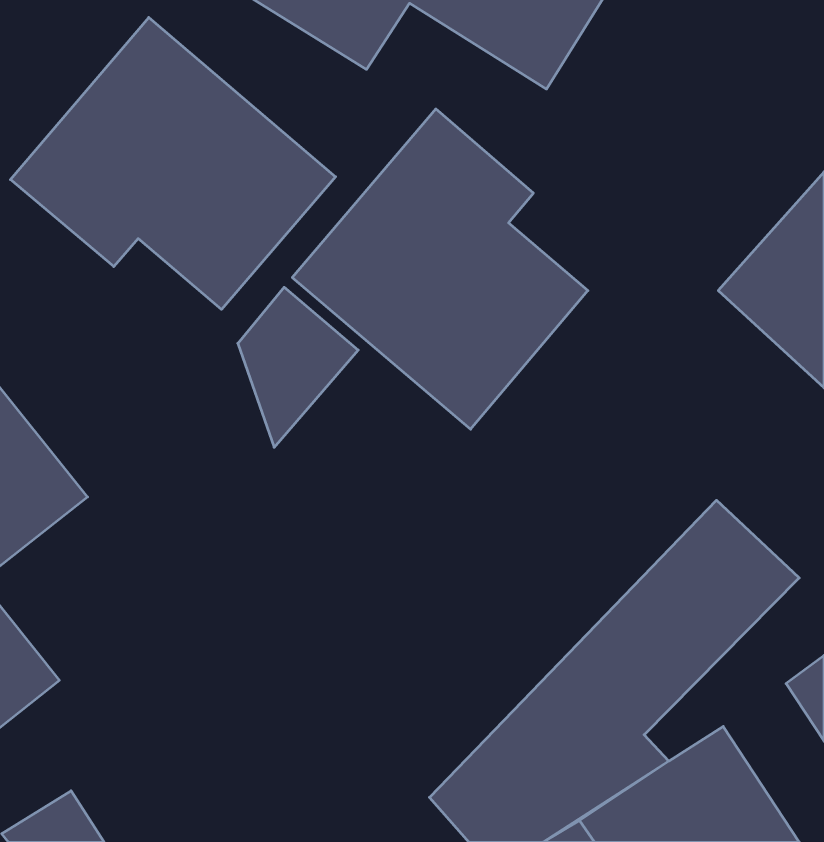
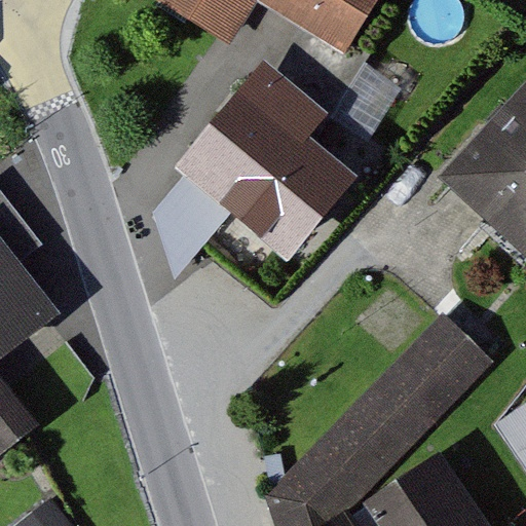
building: [10,17,336,309] -> none

